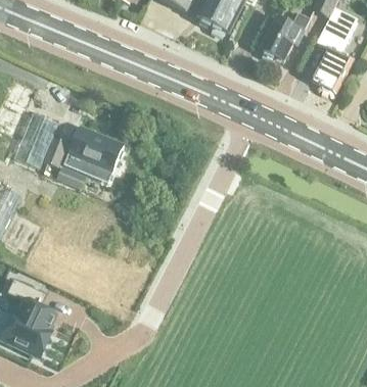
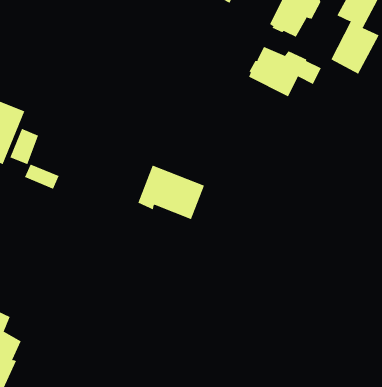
building: none -> [248,46,322,97]
building: [67,126,124,172] -> [137,165,205,220]

